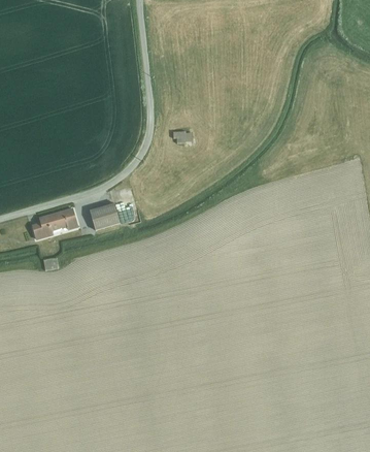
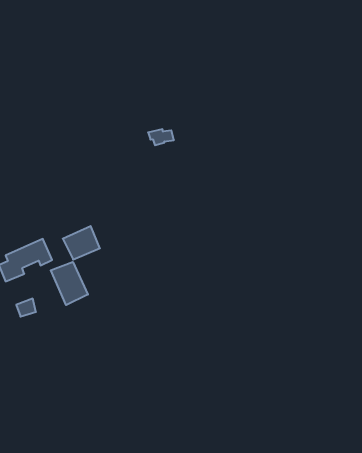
building: none -> [51,262,88,305]

